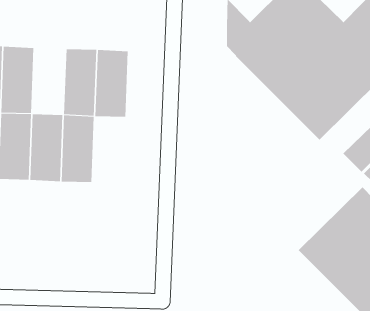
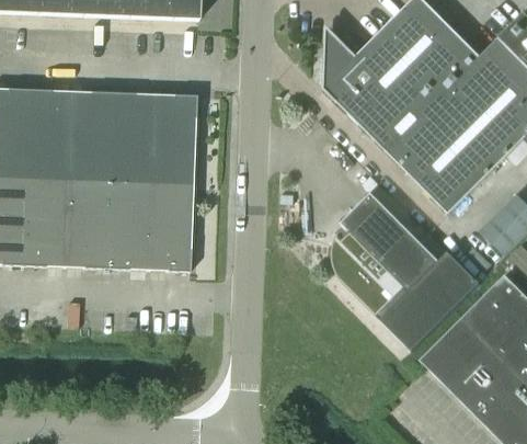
building: none -> [67,90,112,179]
building: none -> [147,181,192,271]
building: none -> [331,192,479,351]

